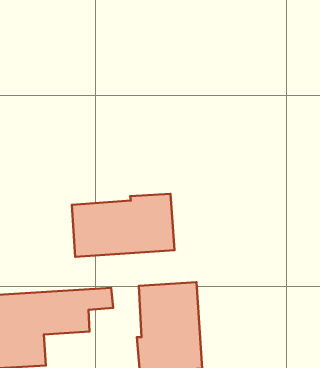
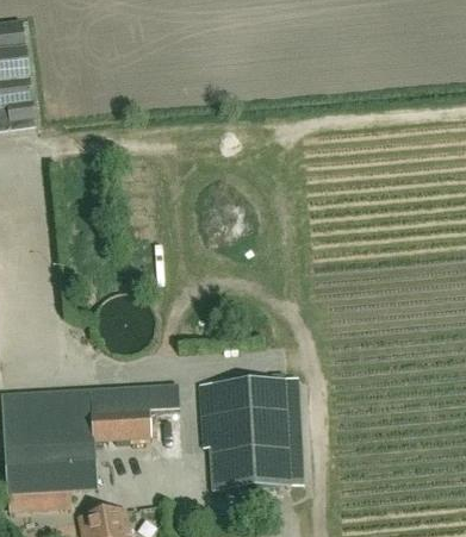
building: [72,194,175,257] -> none

